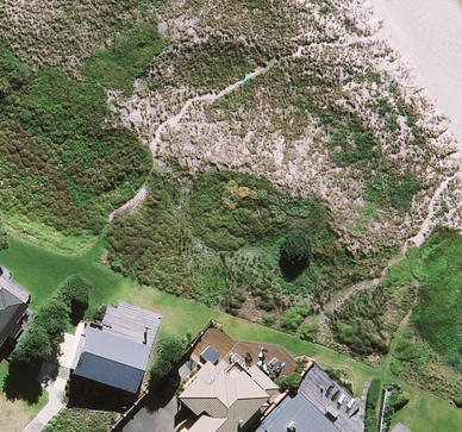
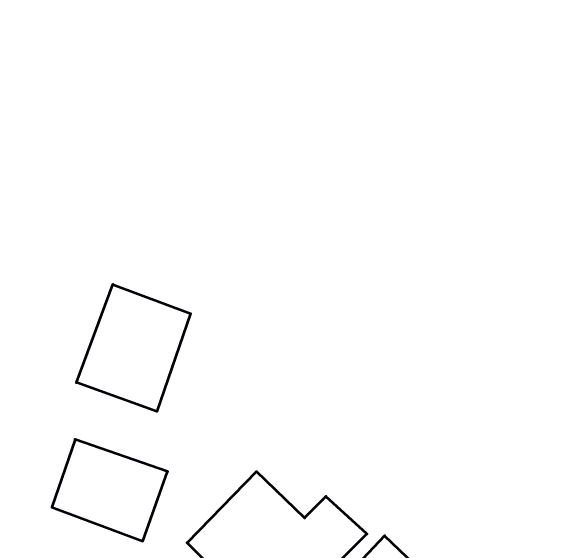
building: none -> [76,284,191,411]

